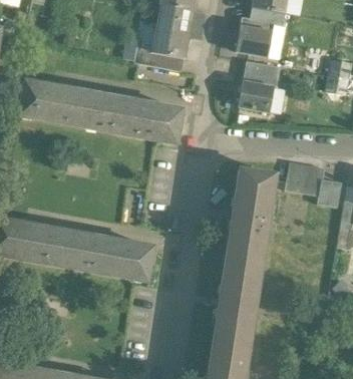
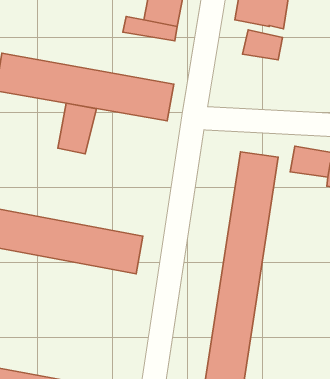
building: [238,82,274,112] -> none
building: none -> [58,103,96,154]

